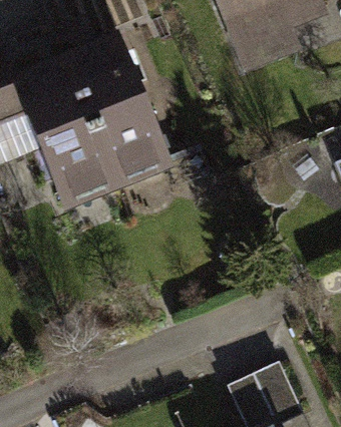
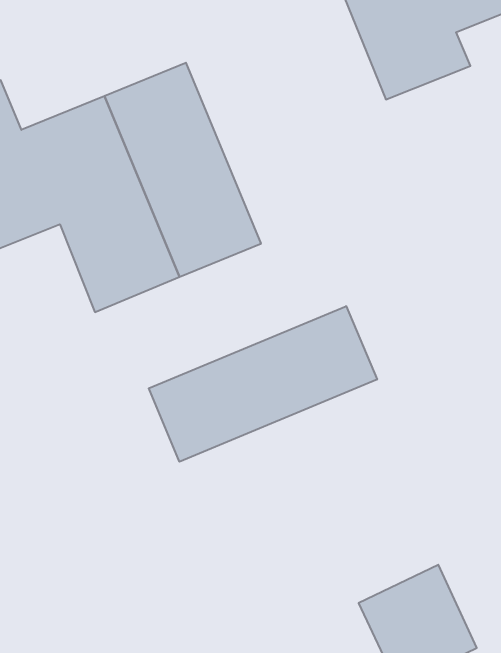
building: none -> [149,306,377,462]

